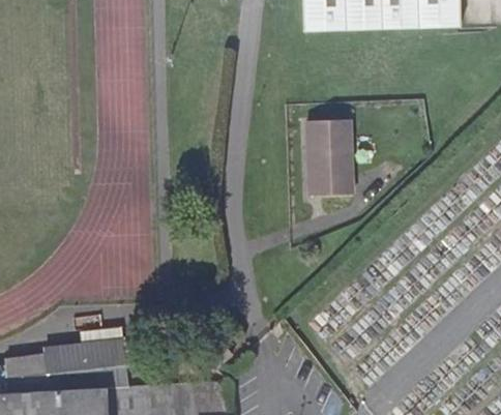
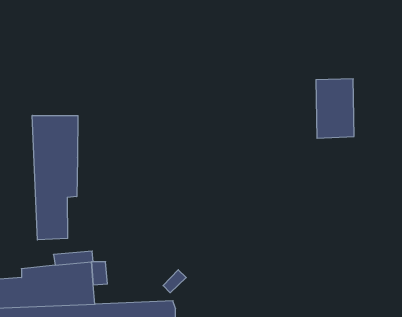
building: [308,116,353,185] -> [316,79,354,138]
building: none -> [32,115,78,240]

